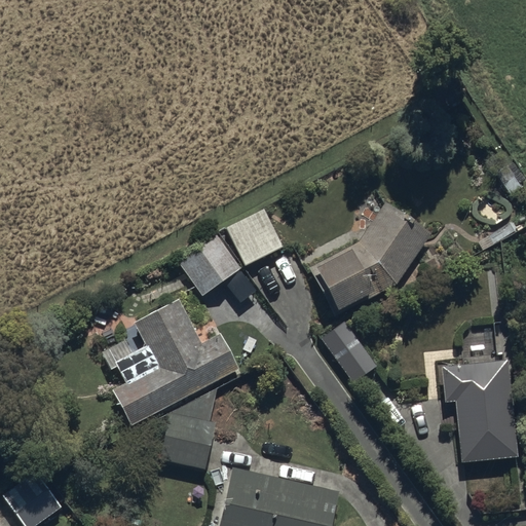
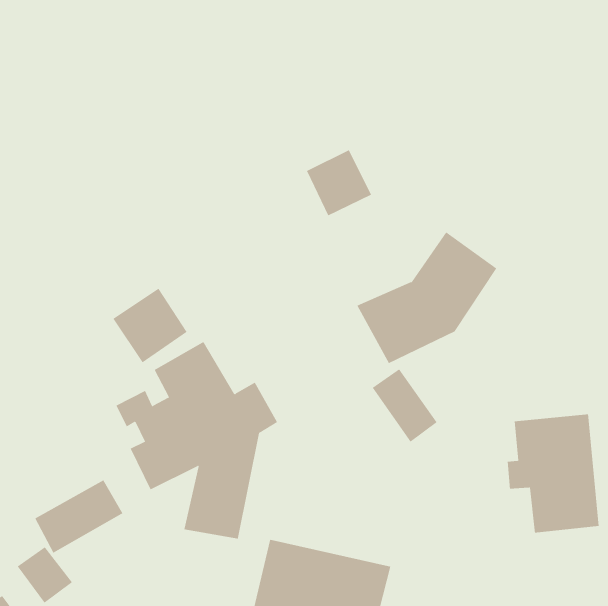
building: [226,209,283,266] -> [306,149,372,216]
building: [176,232,240,297] -> [112,288,187,363]
building: none -> [34,479,123,553]

